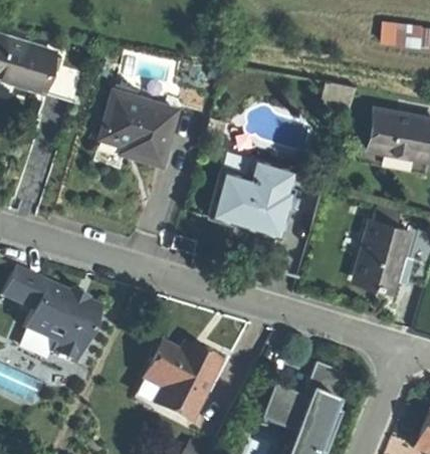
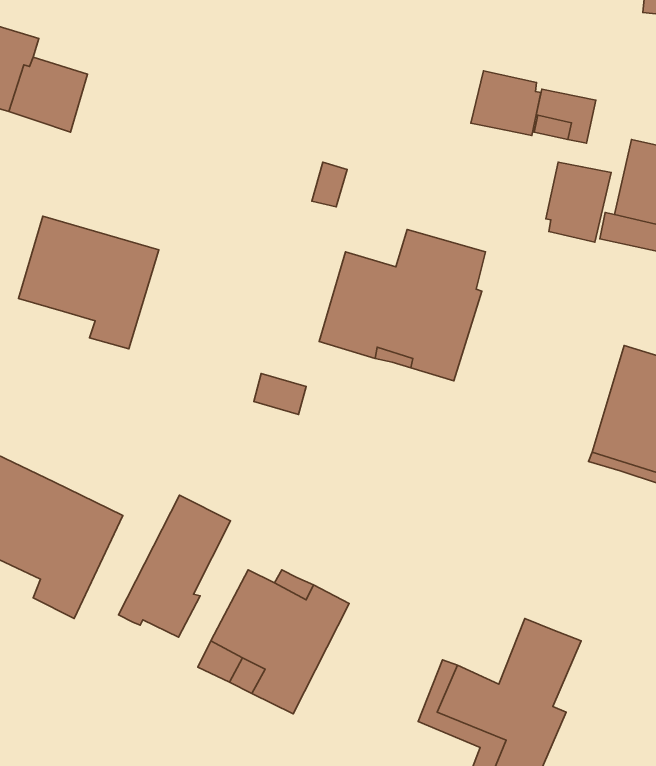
building: none -> [471,71,541,135]
building: [100,92,176,164] -> [19,216,159,349]
building: none -> [546,162,611,242]
building: none -> [119,495,230,637]

